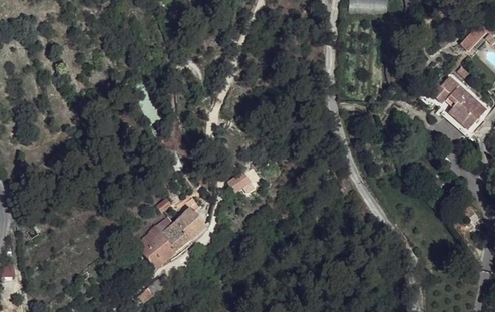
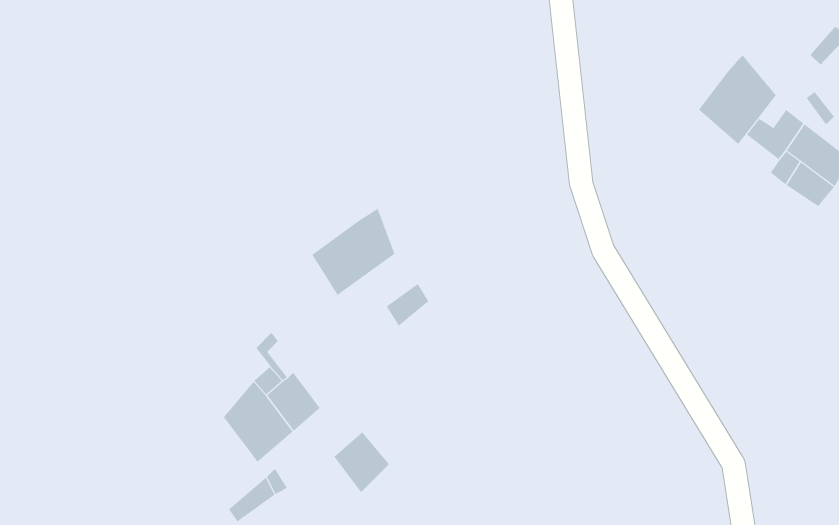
building: none -> [698,55,777,145]
building: none -> [312,208,395,296]
building: [176,206,207,240] -> [334,432,390,493]

